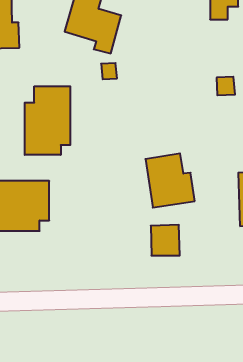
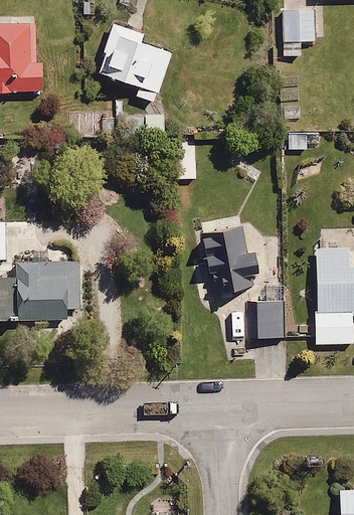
building: [25,86,70,155] -> none
building: [151,225,180,256] -> [247,299,284,337]

